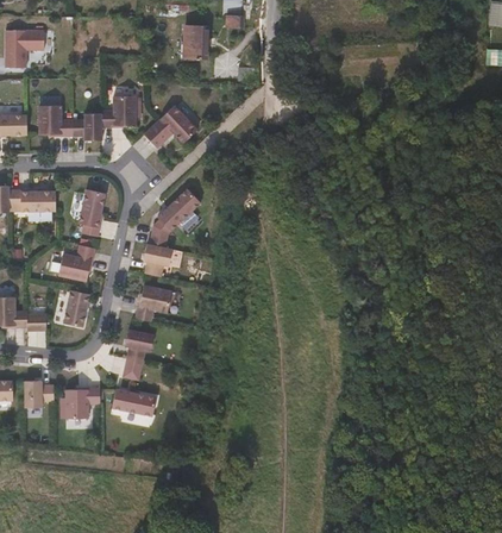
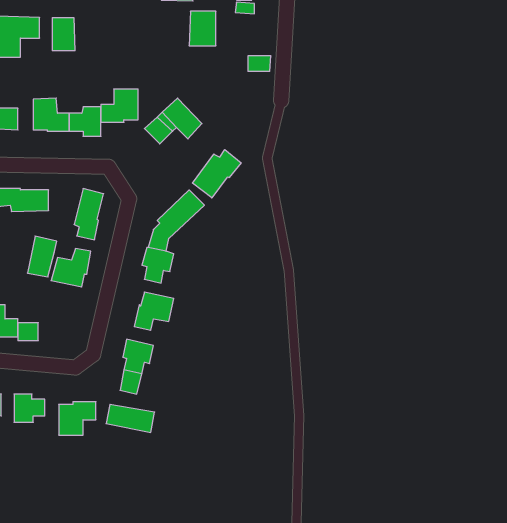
building: none -> [52,18,75,51]
building: none -> [192,150,241,198]
building: [62,289,89,327] -> [27,236,57,277]

